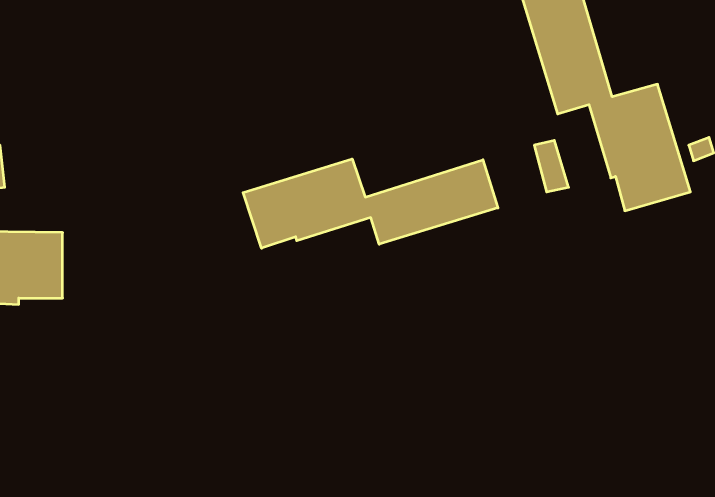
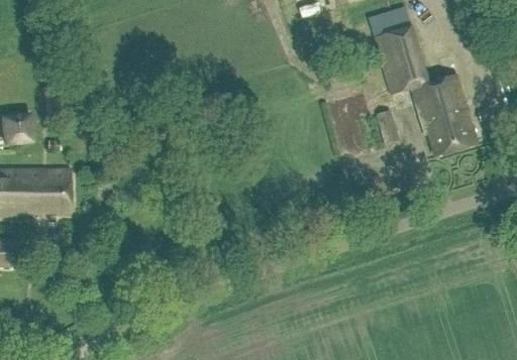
building: [243,159,498,248] -> none

